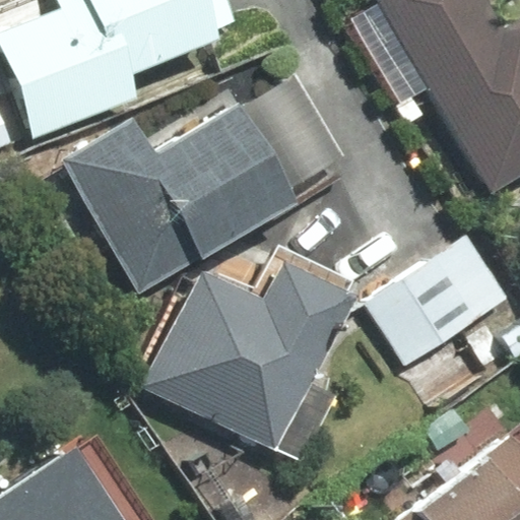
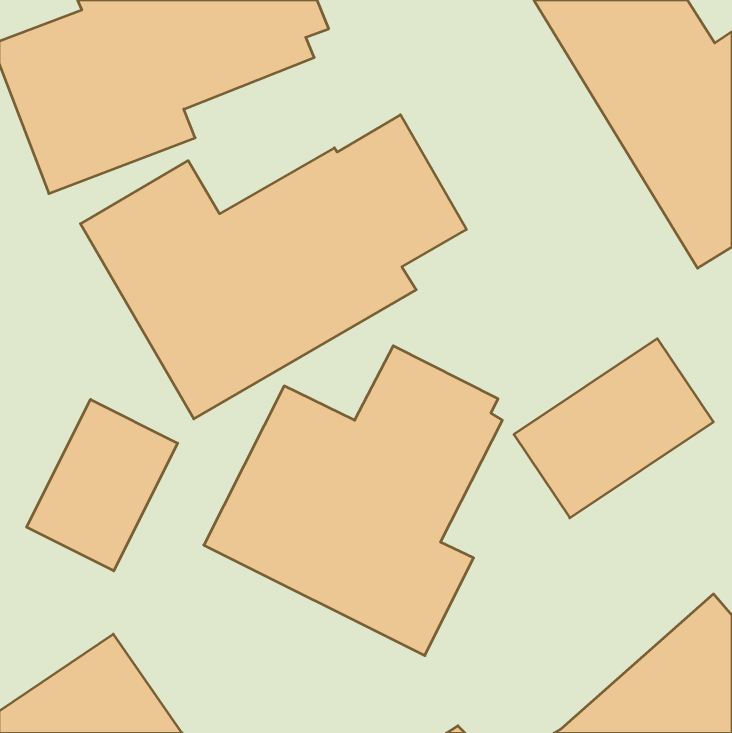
building: none -> [27,399,178,571]

